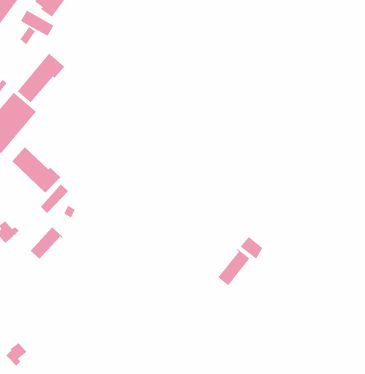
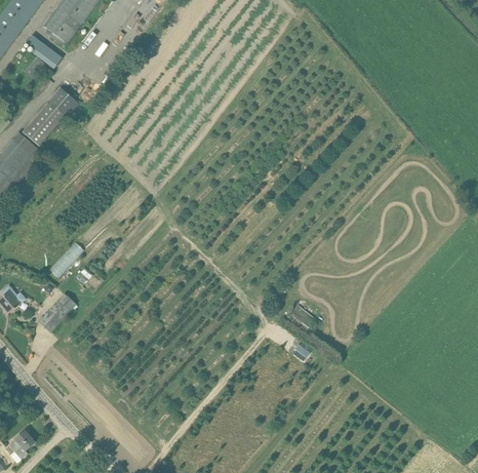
building: [11,147,61,194] -> none
building: [218,248,250,286] -> none

